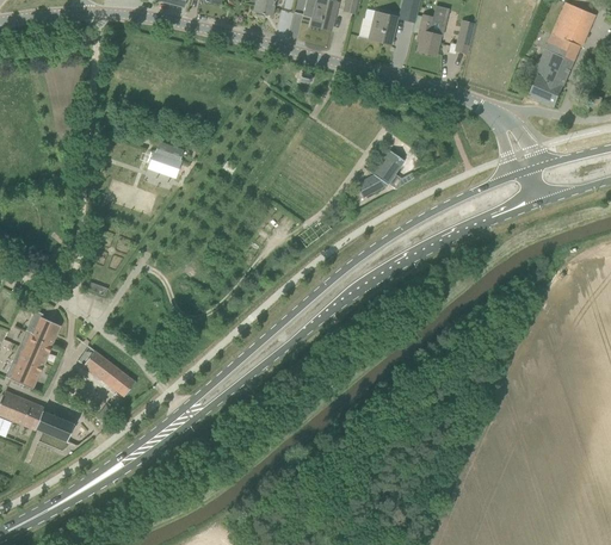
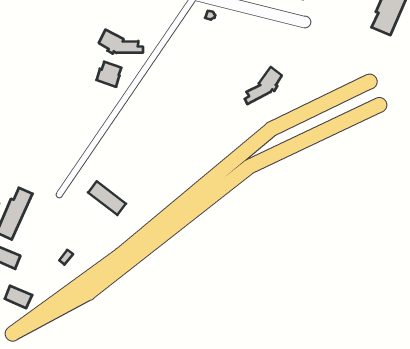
building: none -> [99,30,143,54]
building: [82,349,135,396] -> [88,181,126,215]
building: [36,410,74,441] -> [5,286,32,308]

